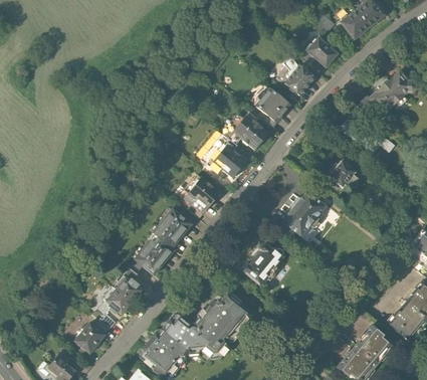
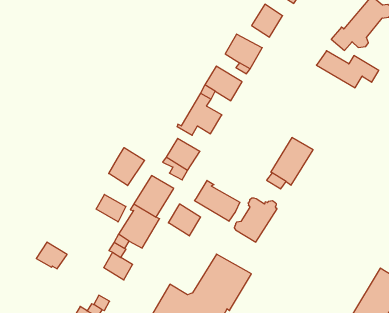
building: [328,160,355,188] -> none
building: none -> [109,148,145,186]
building: none -> [96,194,126,222]
building: none -> [195,180,240,221]
building: none -> [168,204,201,236]
building: [102,289,132,315] -> [36,242,67,269]

